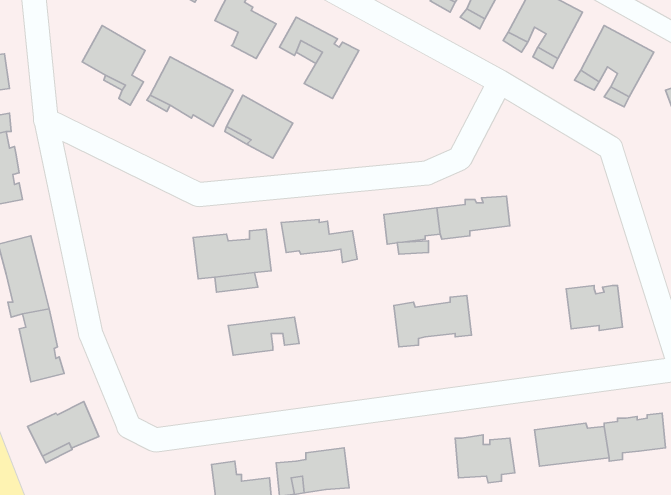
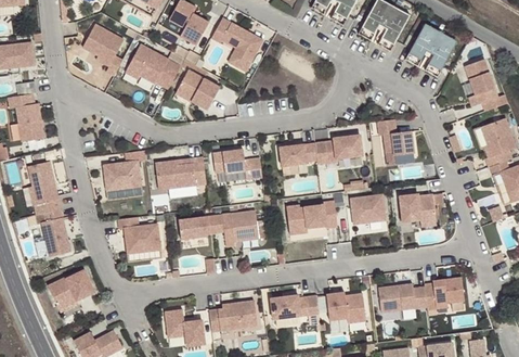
building: none -> [377,119,413,156]
building: none -> [103,151,146,191]
building: none -> [350,195,386,225]
building: none -> [221,211,259,247]
building: none -> [118,217,160,254]
building: none -> [270,295,319,320]

